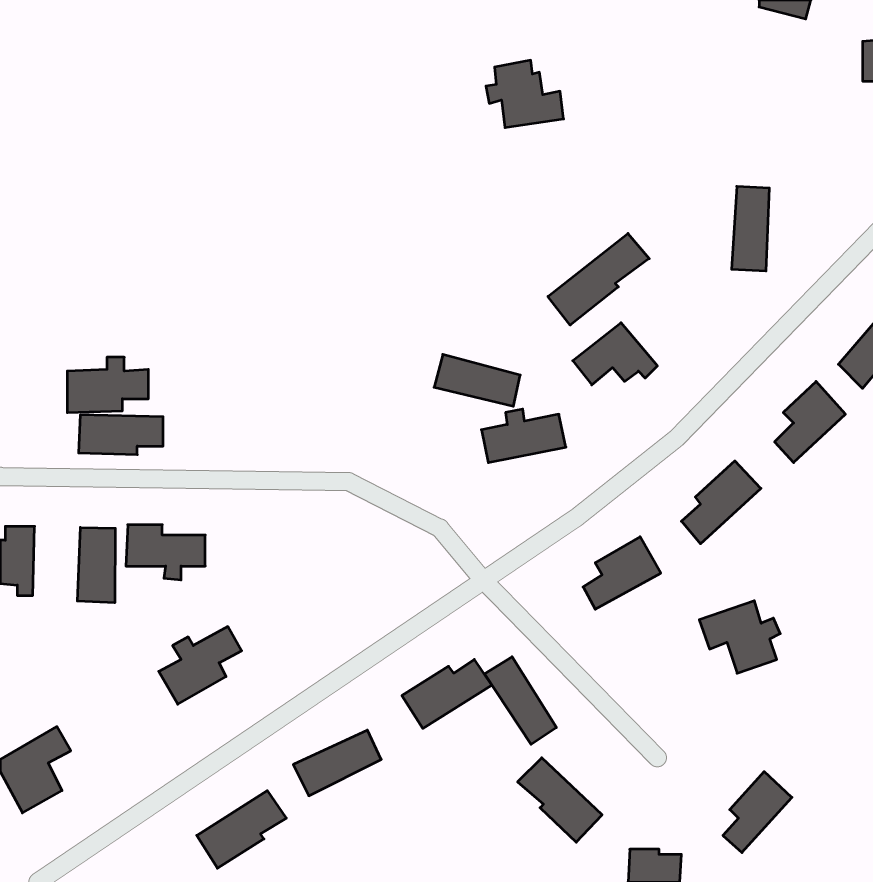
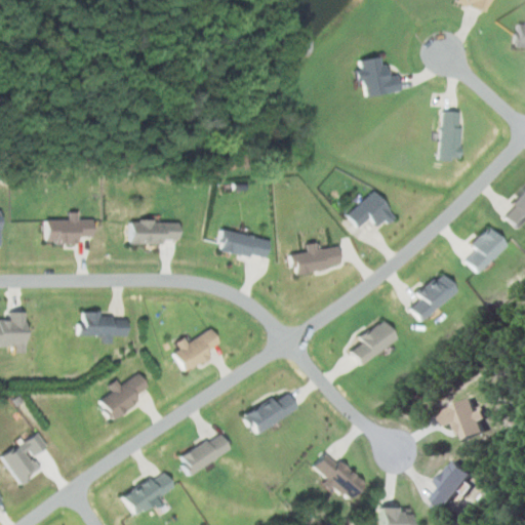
building: [486,60,564,128] -> [355,56,401,96]
building: [548,233,649,325] -> none
building: [434,354,520,406] -> [218,230,270,260]
building: [79,415,163,455] -> [128,221,178,245]
building: [77,527,115,603] -> none
building: none -> [172,327,220,372]
building: [699,601,780,673] -> [443,397,491,440]
building: [484,657,556,744] -> none

